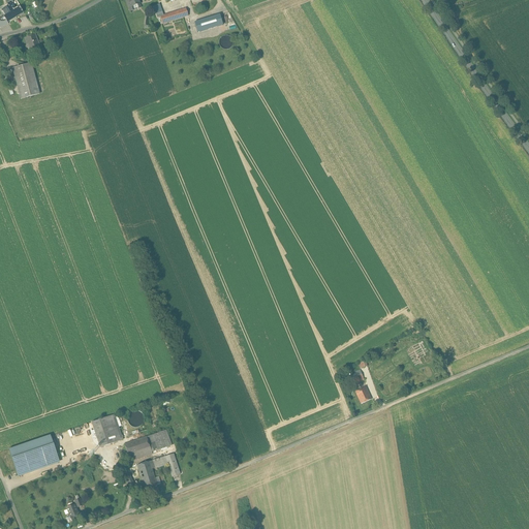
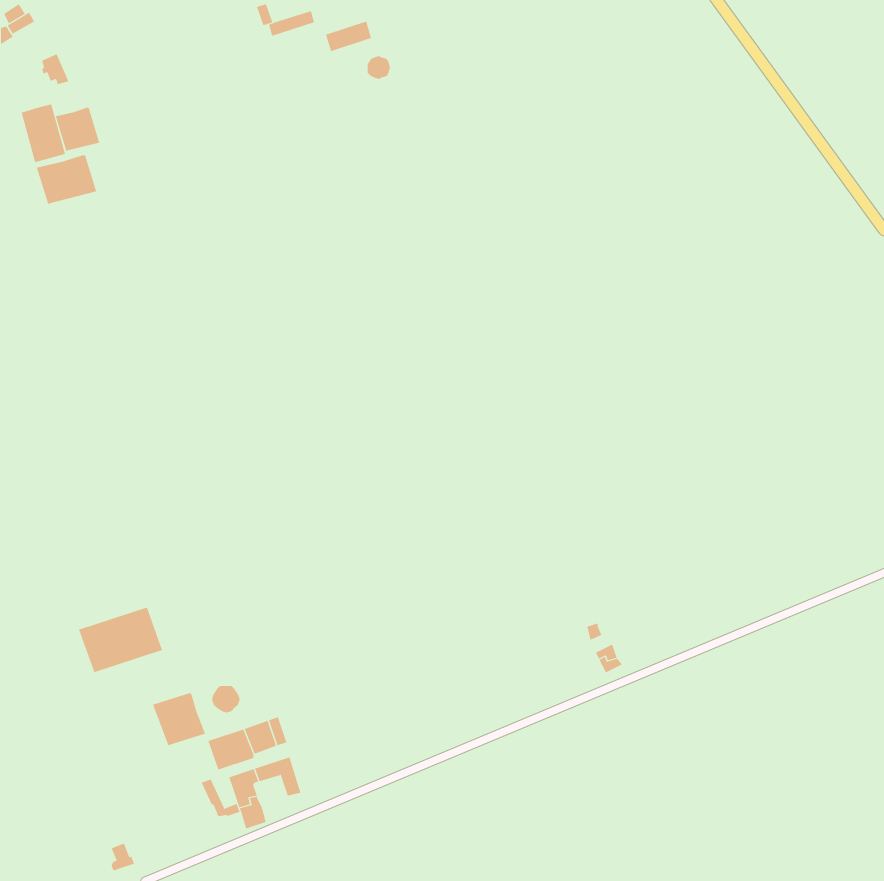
building: none -> [55,107,100,151]
building: none -> [36,154,97,204]
building: [9,435,60,474] -> [78,607,163,673]

